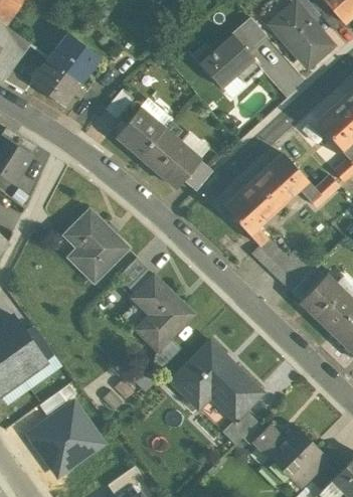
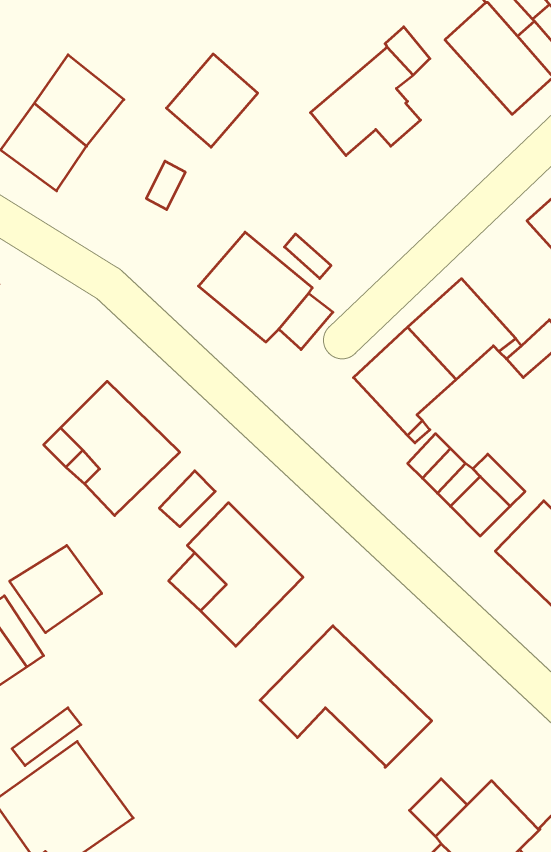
building: [116,107,165,157] -> [166,54,258,147]
building: none -> [10,545,102,633]
building: [225,408,259,443] -> none

